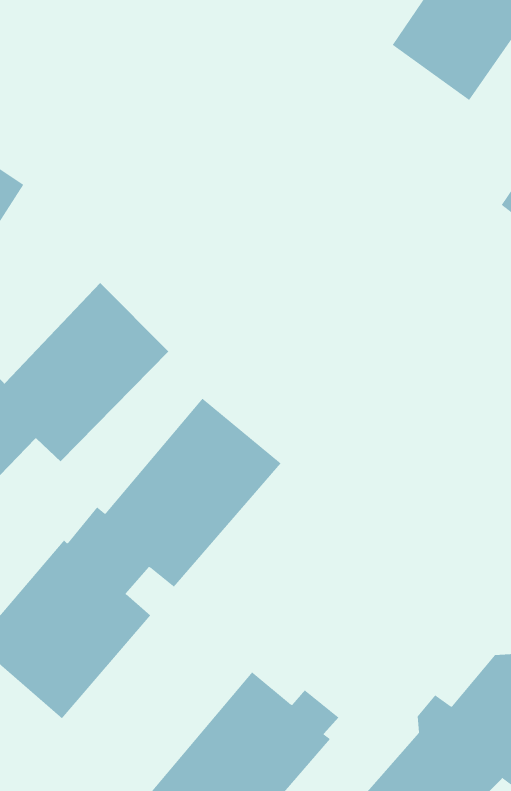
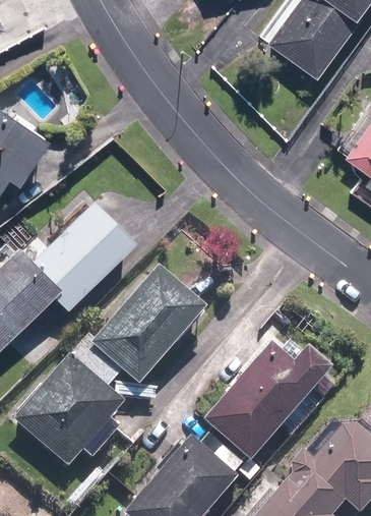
building: none -> [203,344,341,482]

